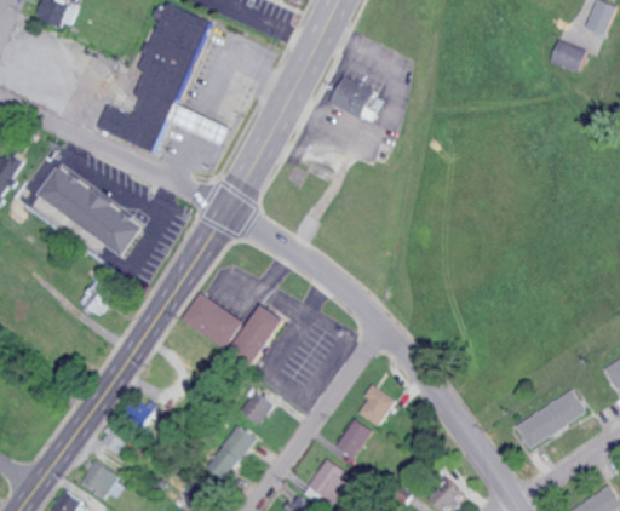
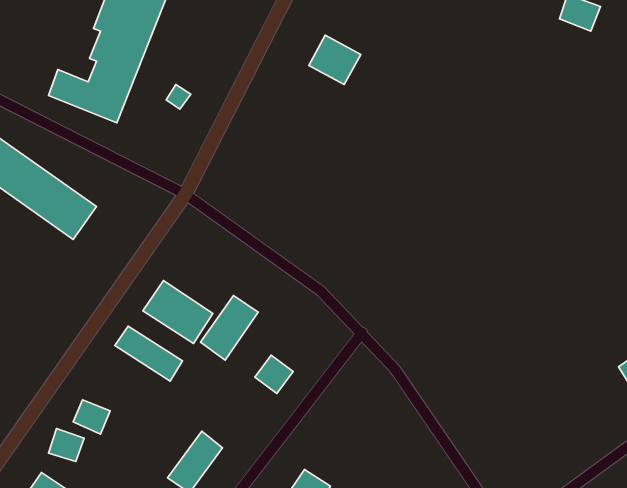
building: none -> [115,326,183,381]
building: [357,384,394,426] -> none
building: [515,390,586,448] -> none
building: [236,391,270,425] -> [255,355,293,394]
building: [333,419,369,459] -> none

